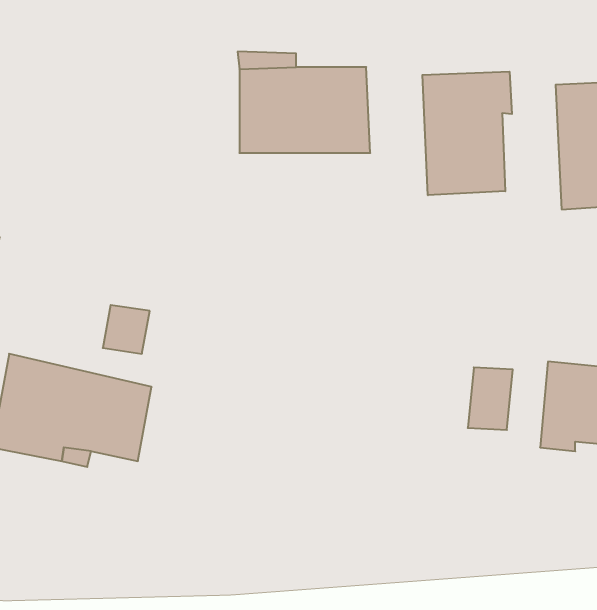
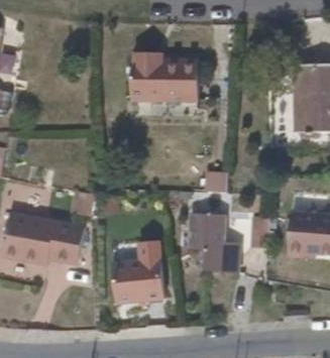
building: [422,72,512,195] -> none
building: none -> [186,210,237,275]
building: none -> [117,259,169,302]

